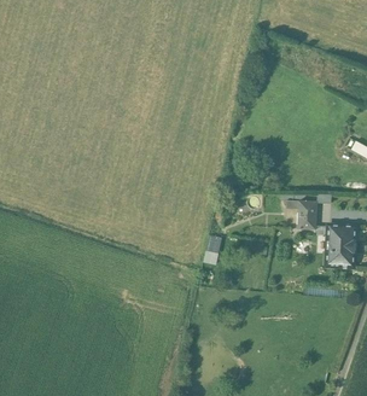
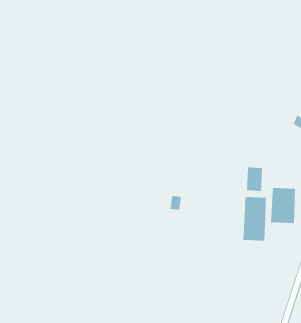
building: none -> [243,196,266,242]

